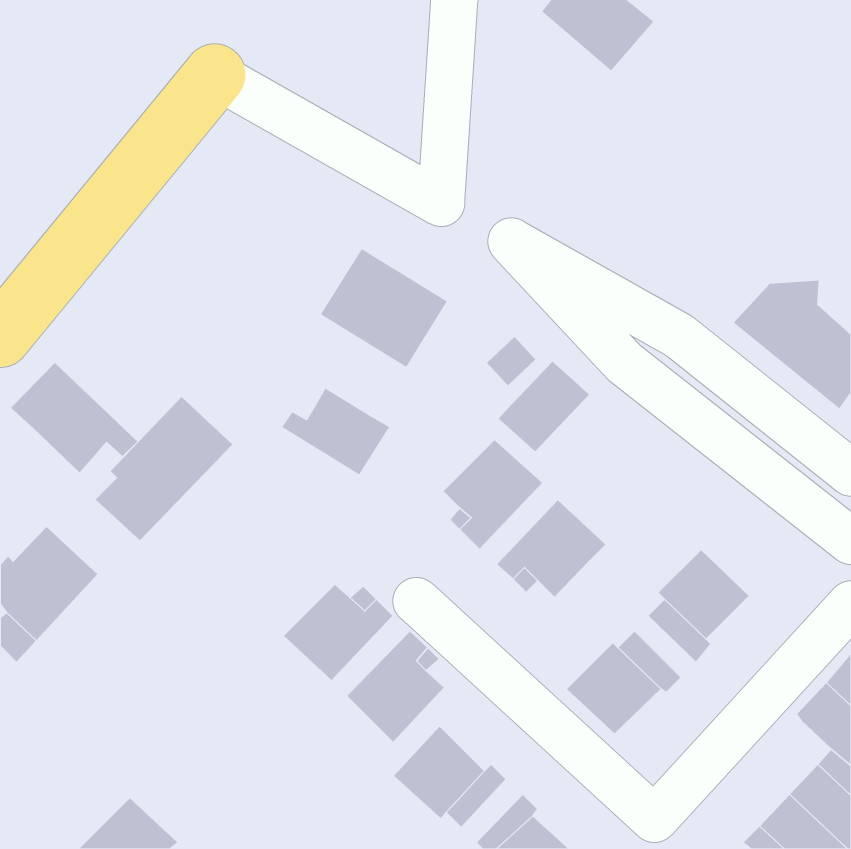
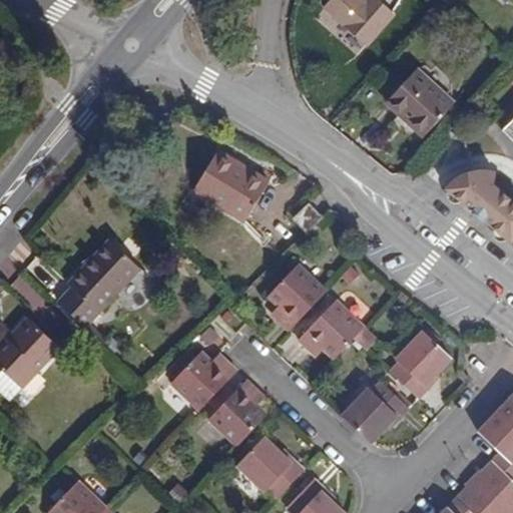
building: none -> [388,68,455,135]
building: [498,361,590,452] -> none
building: [10,362,138,473] -> none
building: [281,388,390,475] -> none

